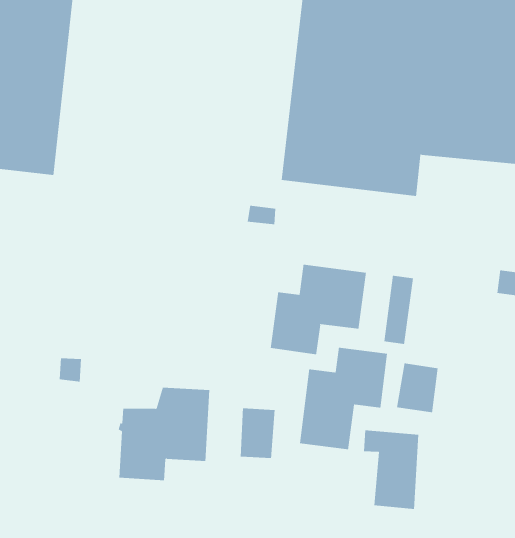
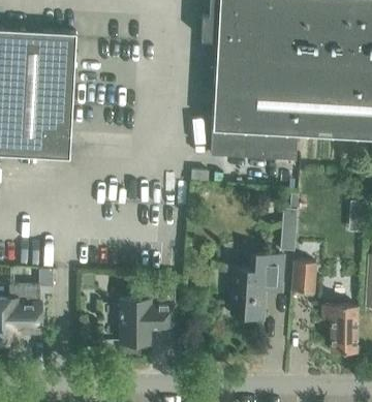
building: [270,264,367,355] -> none
building: [240,407,275,459] -> none
building: [363,430,419,510] -> [321,305,355,352]

